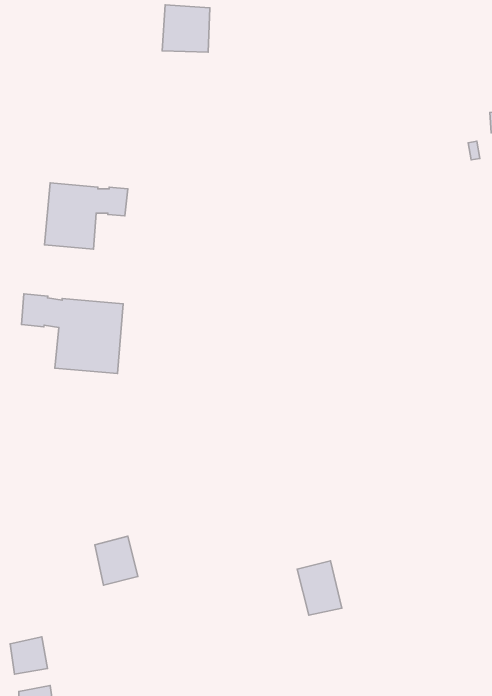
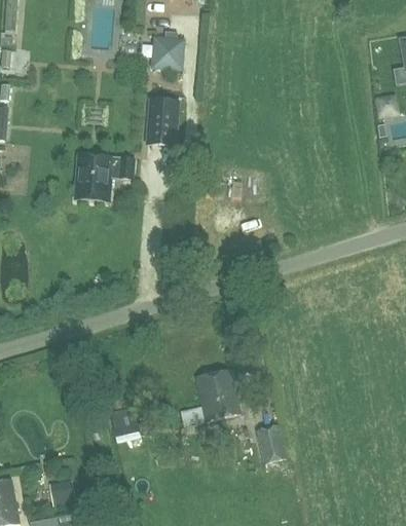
building: none -> [145,99,180,147]
building: [22,294,123,374] -> none
building: none -> [196,370,241,421]

